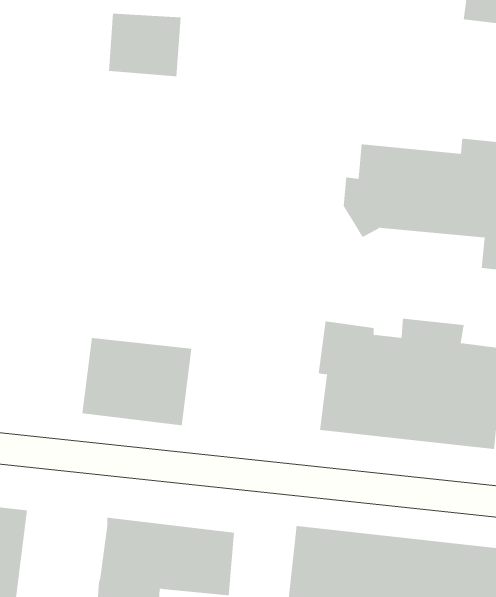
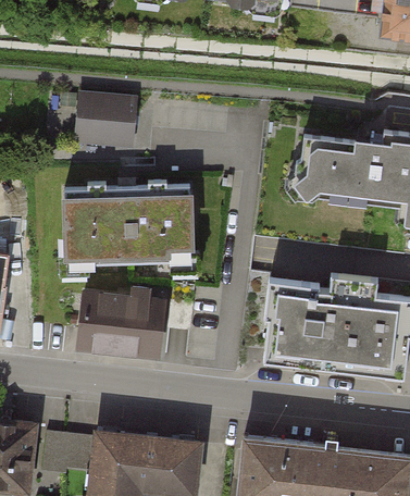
building: [108,13,181,77] -> [77,97,135,147]
building: none -> [58,191,200,275]
building: none -> [41,429,98,476]

